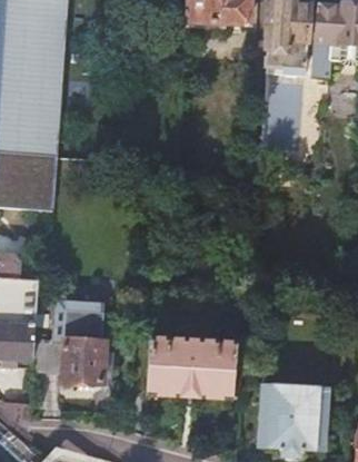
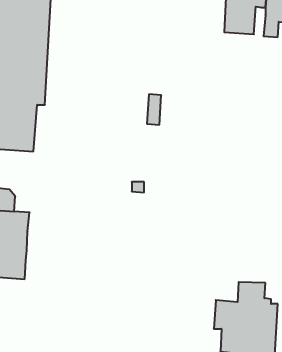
building: [32,301,107,384] -> none
building: [147,338,237,399] -> none

